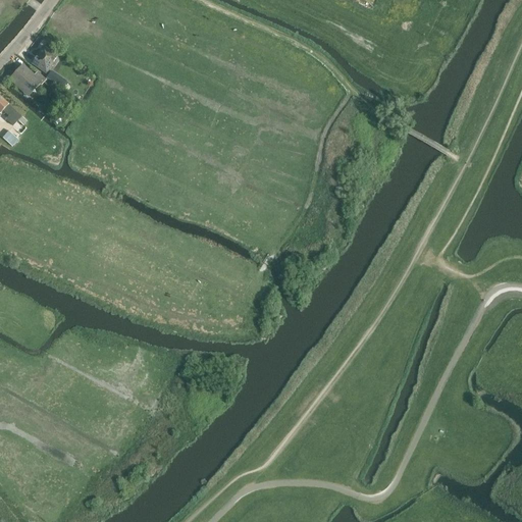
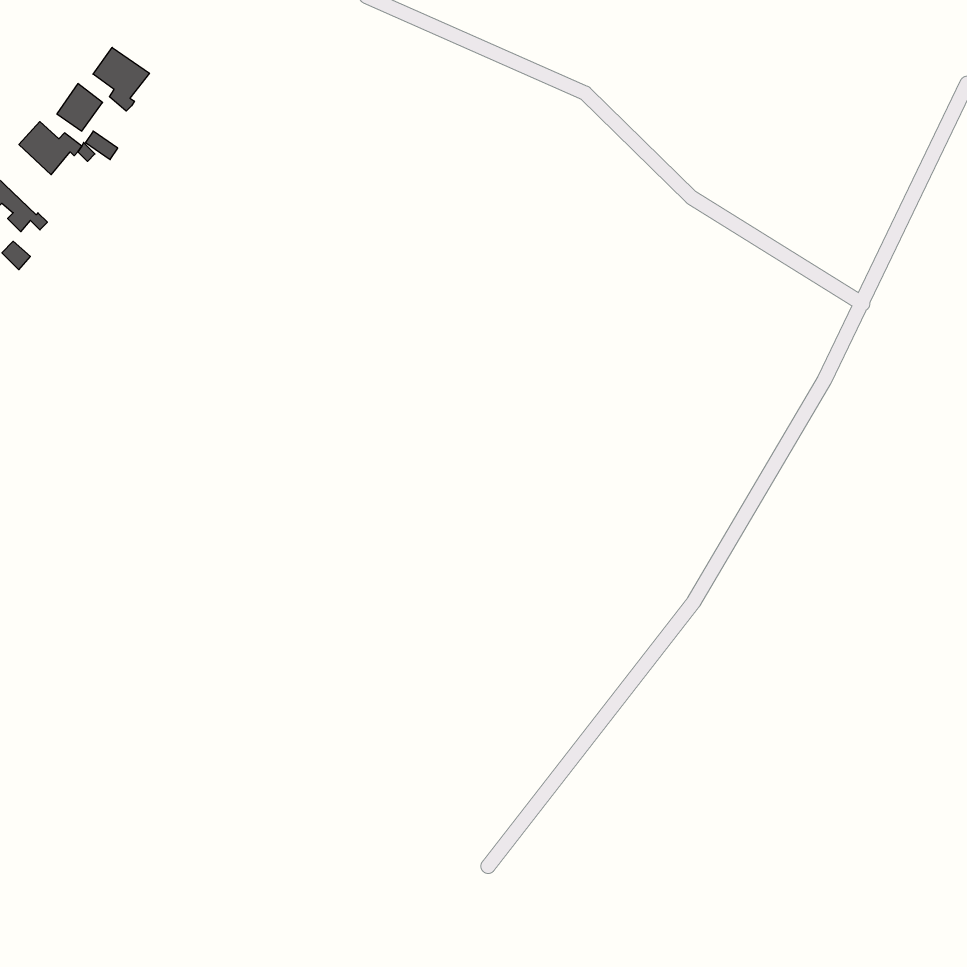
building: none -> [93,47,149,111]

